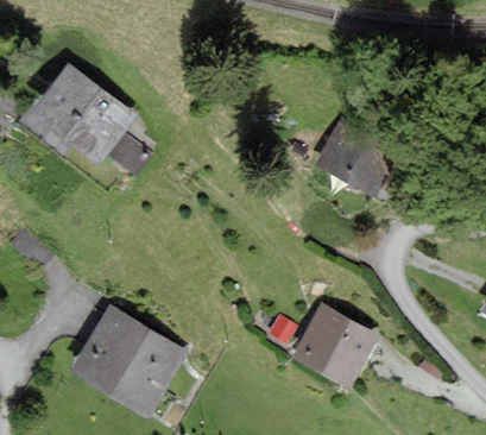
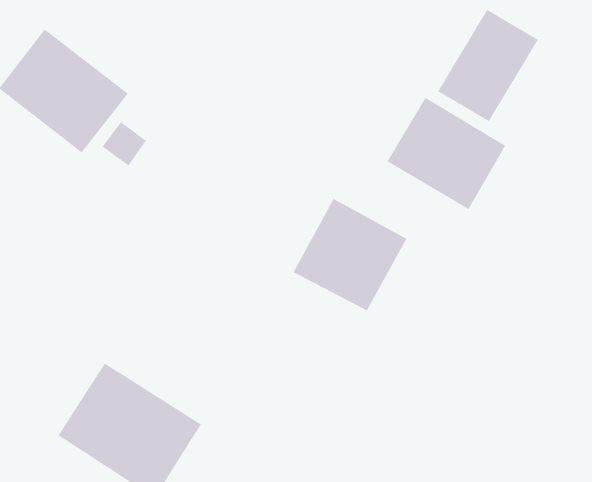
building: none -> [437,9,539,122]
building: [292,304,377,387] -> [293,198,408,311]

